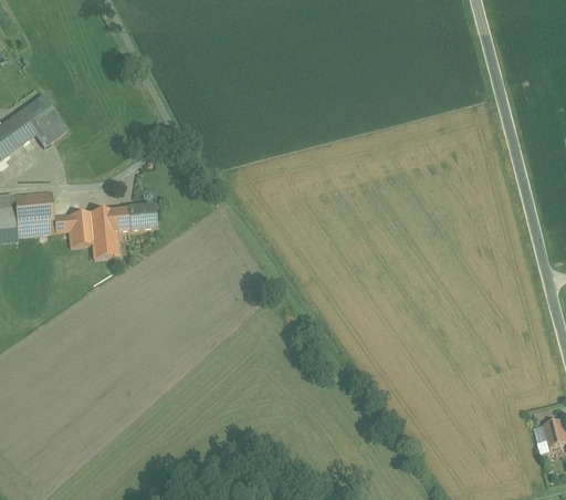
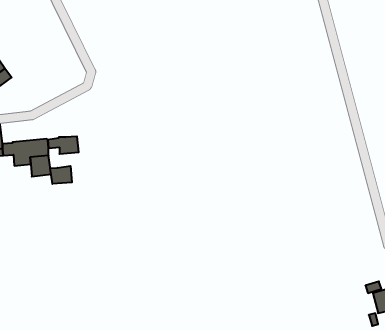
building: none -> [50,166,72,184]

